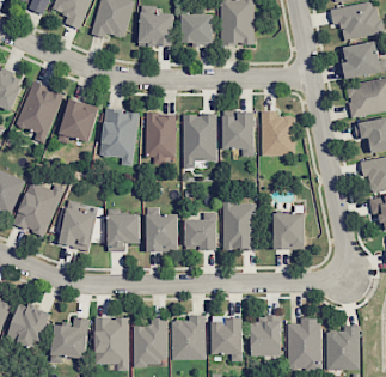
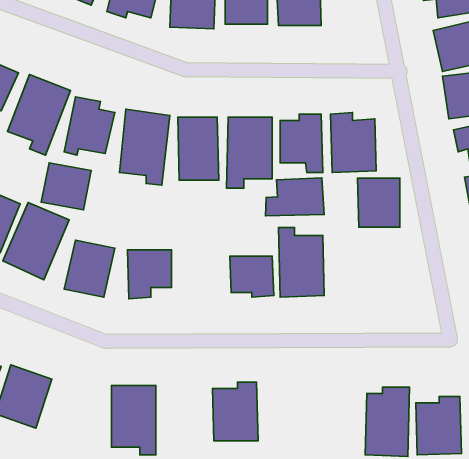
building: none -> [41,163,91,210]
building: none -> [266,178,324,216]
building: [272,212,305,249] -> [357,178,400,227]
building: [146,214,178,251] -> none
building: [249,314,281,355] -> none
building: [50,316,88,363] -> none
building: [210,316,243,361] -> none
building: [133,317,167,365] -> none

